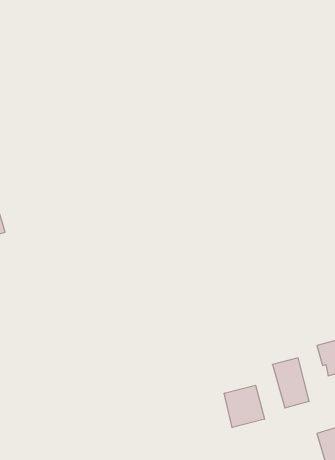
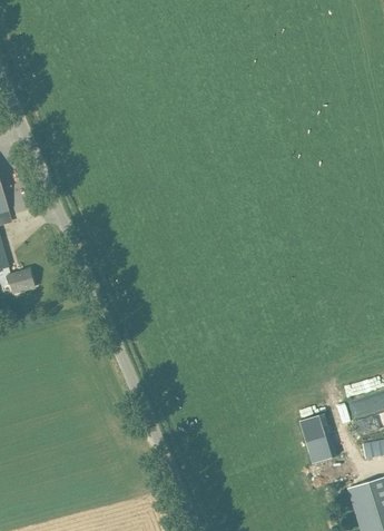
building: [224,385,265,428] -> none

